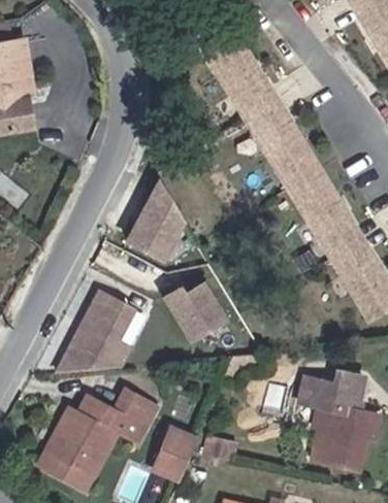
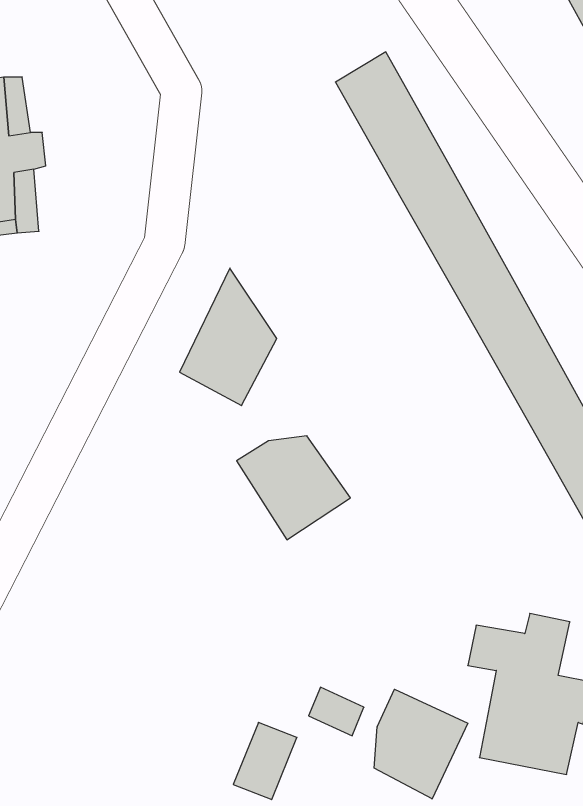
building: [51,280,135,366] -> none
building: [32,394,148,491] -> none
building: none -> [374,689,468,799]

